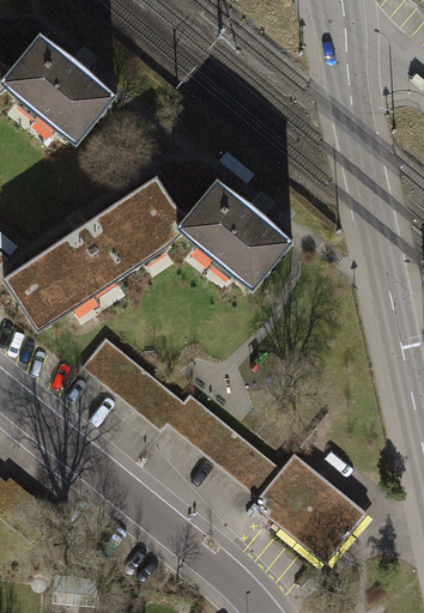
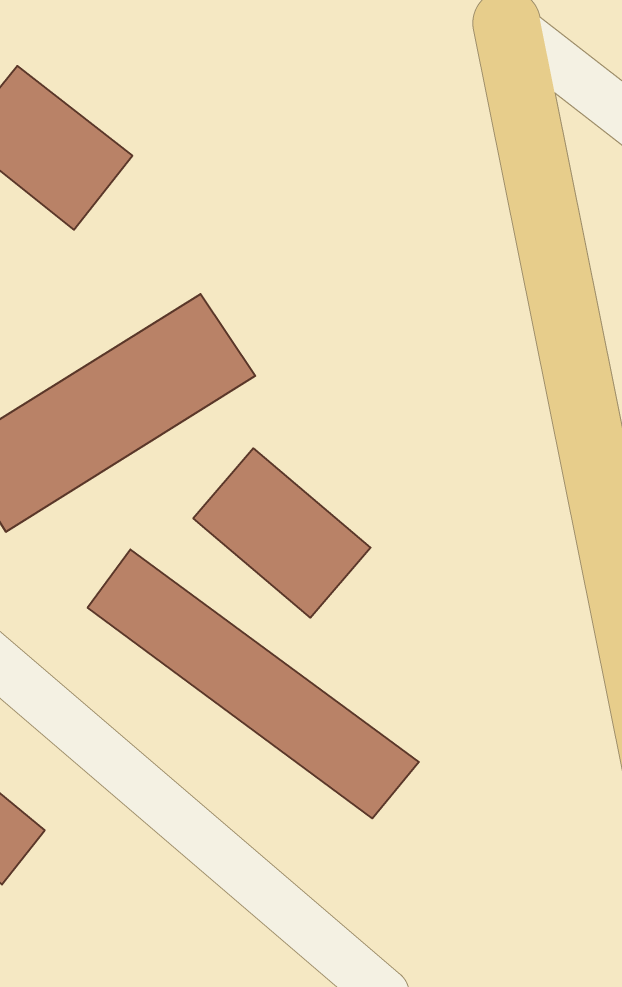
building: [178,181,287,285] -> [193,448,371,618]
building: [259,459,369,566] -> none

